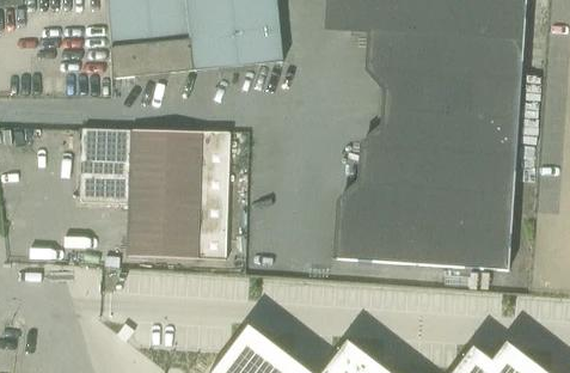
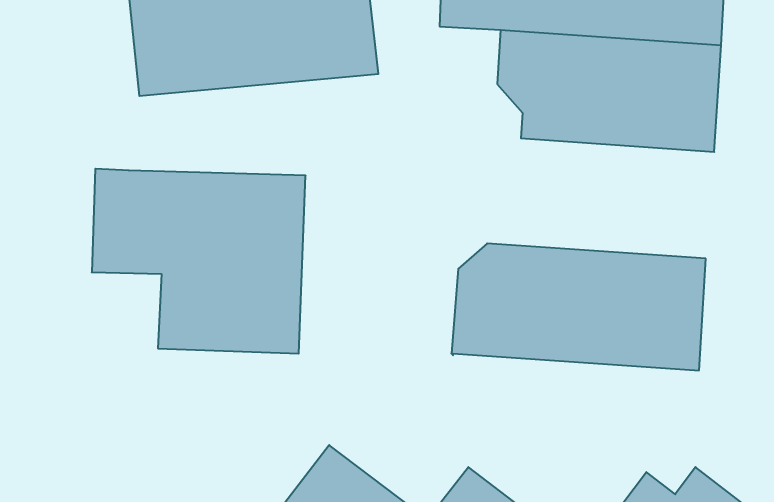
building: [358,106,519,191] -> none

